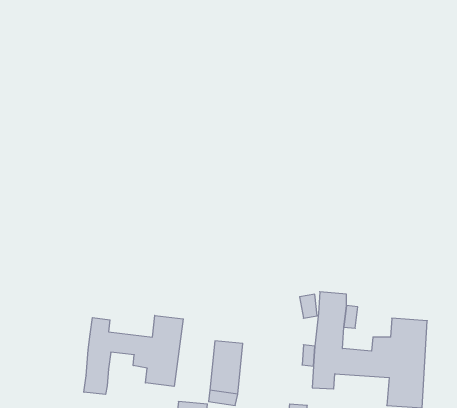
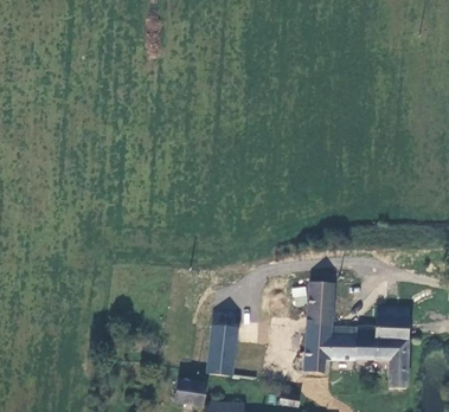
building: [84,315,183,394] -> none

